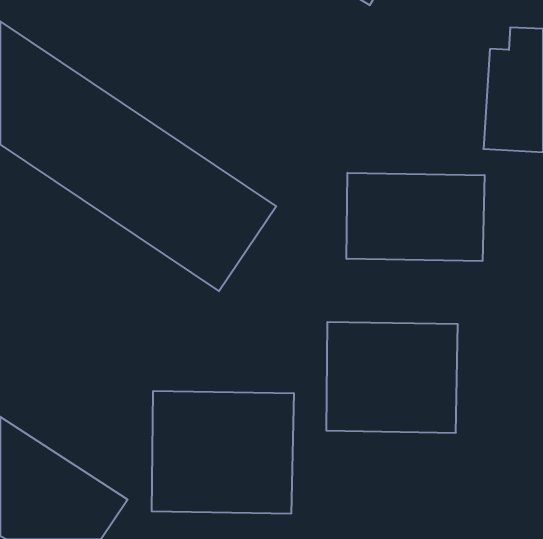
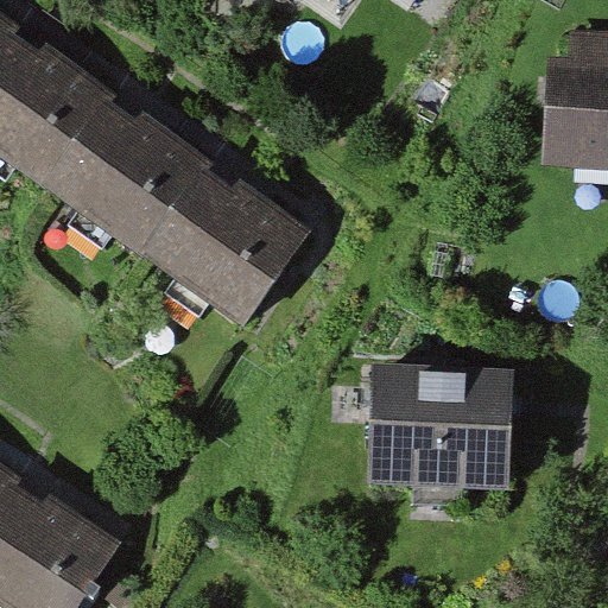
building: [347,173,485,261] -> none
building: [152,391,294,514] -> none

